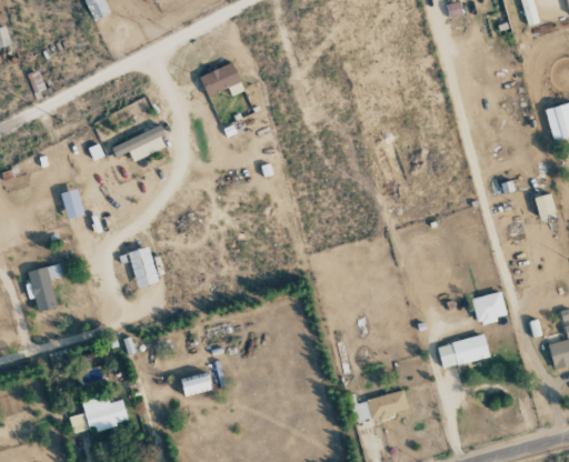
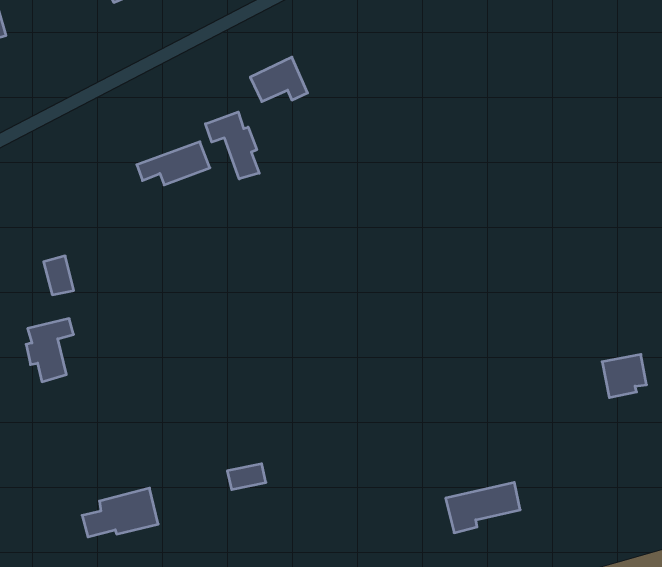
building: none -> [205,112,259,179]
building: [61,188,84,218] -> [44,256,74,295]
building: [129,245,159,287] -> none
building: [438,334,490,366] -> none

